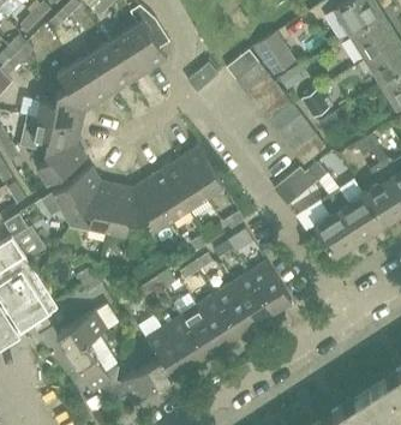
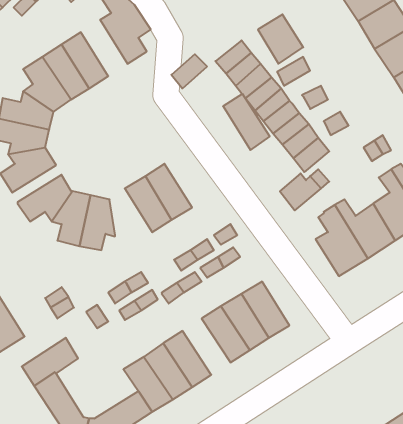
building: [108,32,149,82] -> none
building: [181,148,222,197] -> [223,94,270,150]
building: [133,180,170,228] -> none
building: [197,294,239,343] -> none

